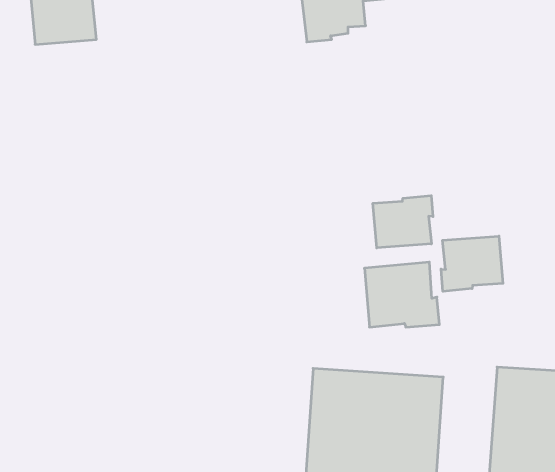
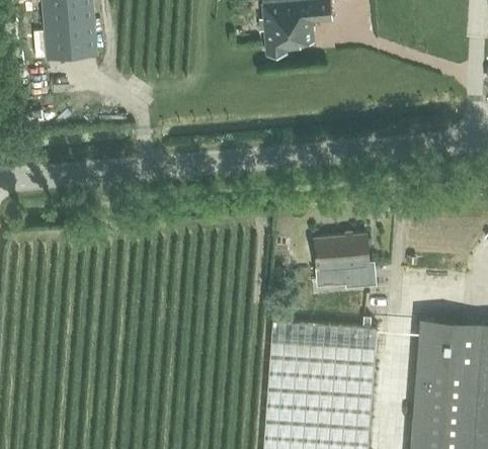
building: [373,196,433,248] -> none
building: [441,236,503,291] -> none

